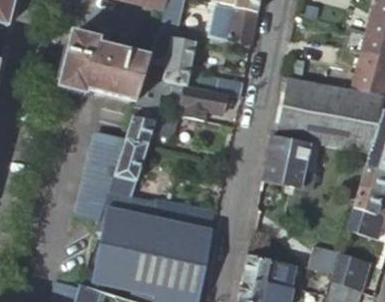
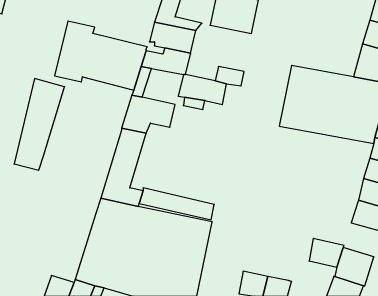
building: [75,131,124,221] -> [14,79,65,170]
building: [262,135,316,191] -> none
building: [243,255,291,286] -> none

